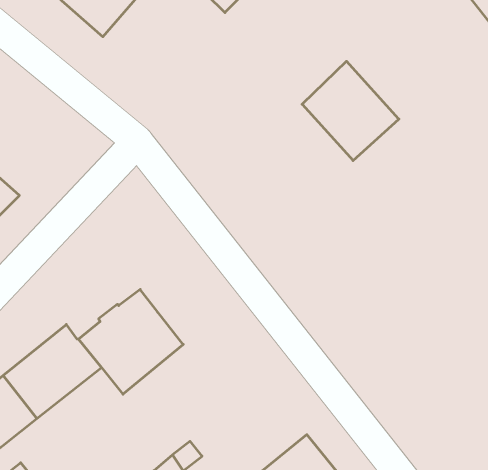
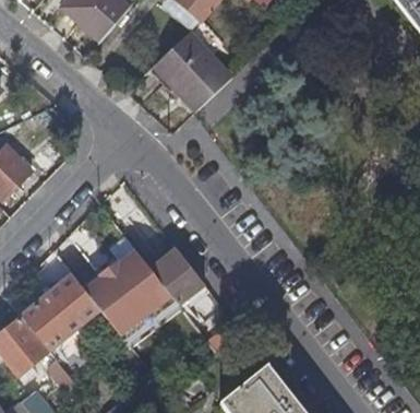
building: [302,61,399,161] -> [155,30,233,110]
building: none -> [146,243,204,304]

